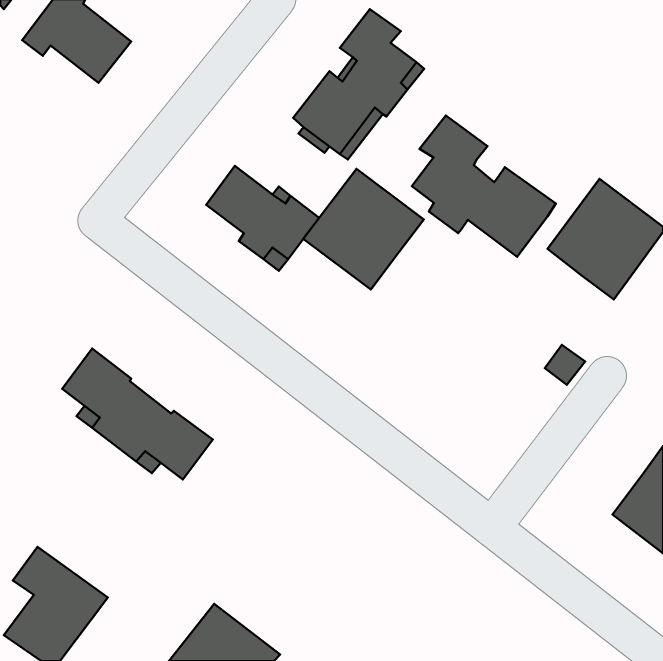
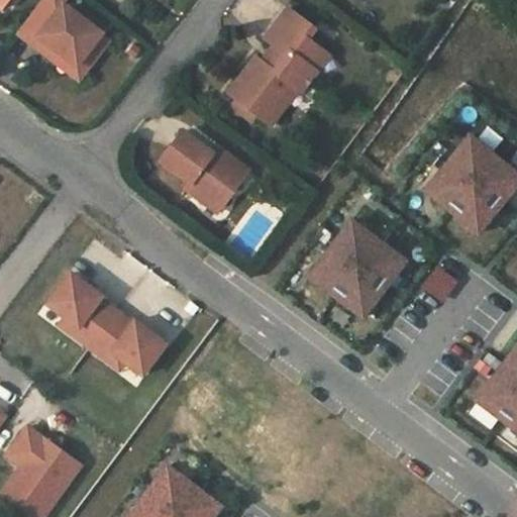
building: none -> [33,32,110,79]
building: [412,116,556,257] -> none
building: [303,169,424,289] -> [309,222,403,316]

